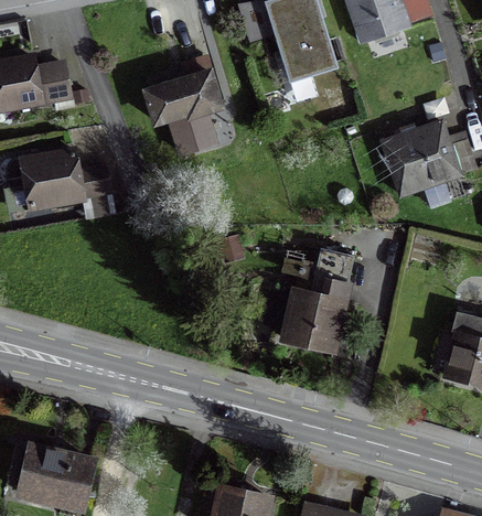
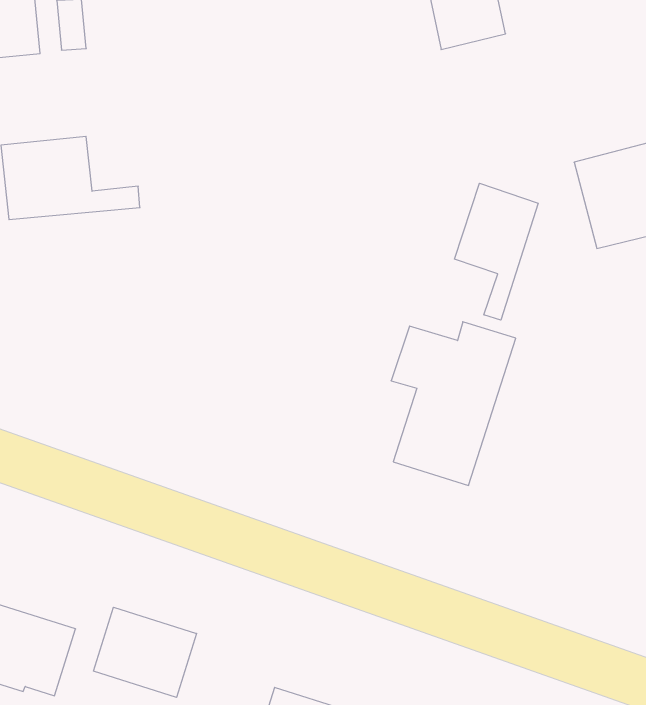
building: [146,73,218,152] -> none
building: none -> [454,183,538,320]
building: none -> [93,607,197,697]

